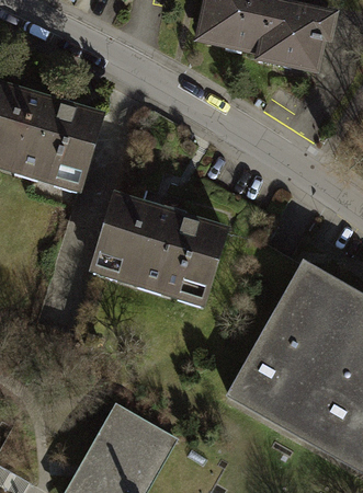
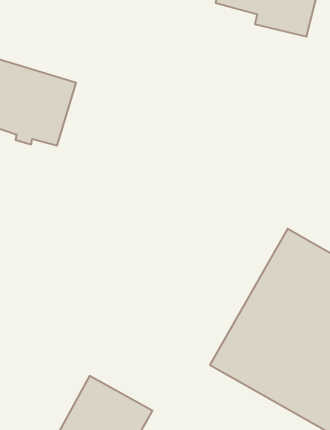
building: [98,199,226,308] -> none

